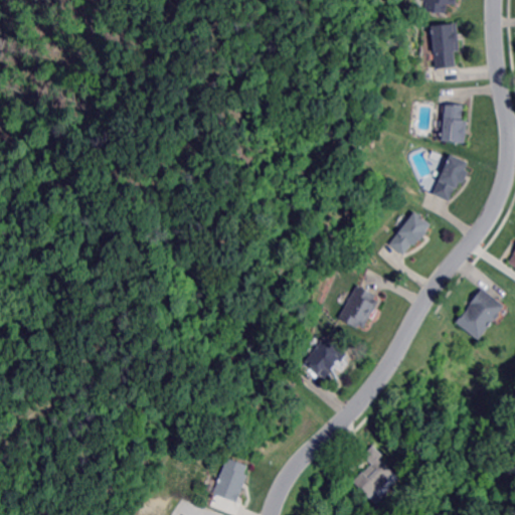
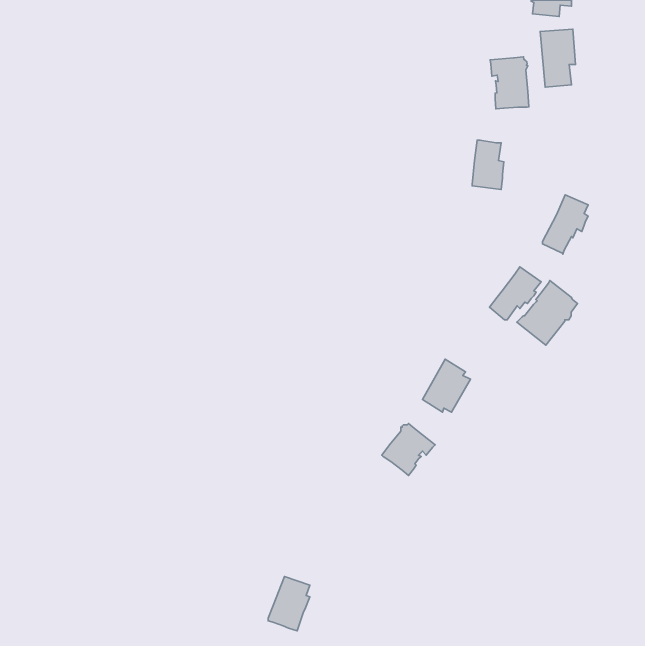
building: none -> [490,57,529,109]
building: [441,104,466,143] -> [472,140,504,190]
building: [455,289,503,340] -> [517,281,578,345]
building: [353,445,394,497] -> none

